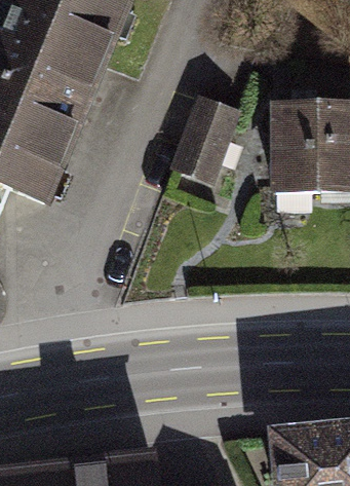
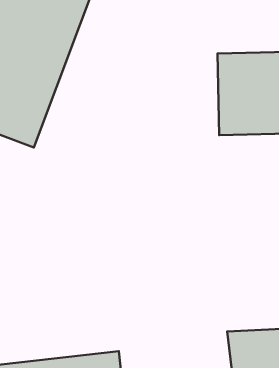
building: [179,91,246,177] -> none

